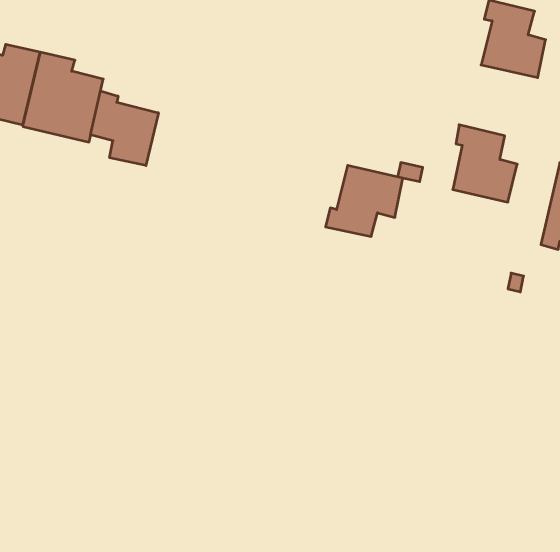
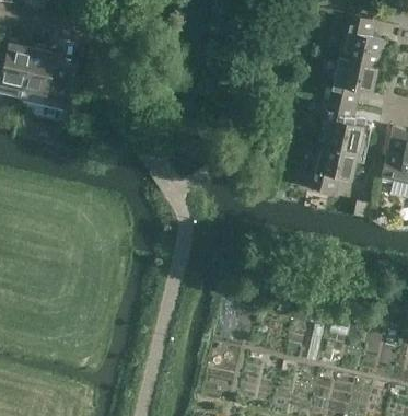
building: none -> [323,58,377,107]
building: [91,91,158,166] -> none
building: [326,165,403,236] -> [303,145,357,194]

